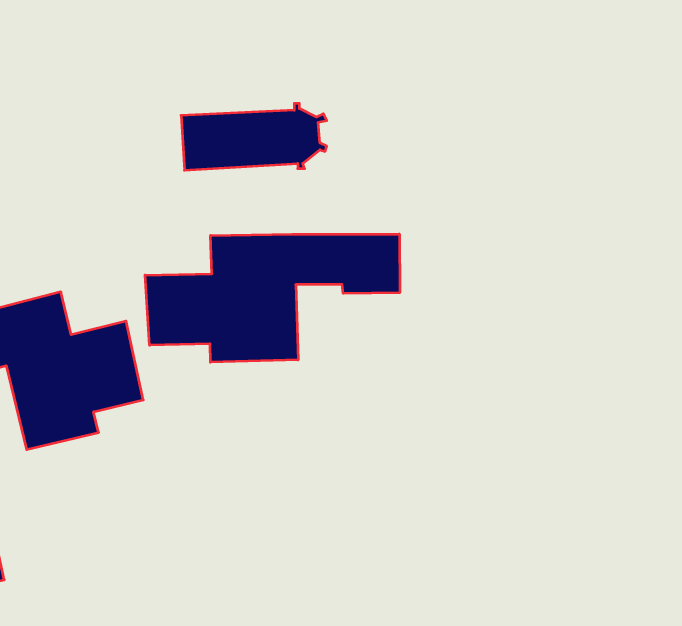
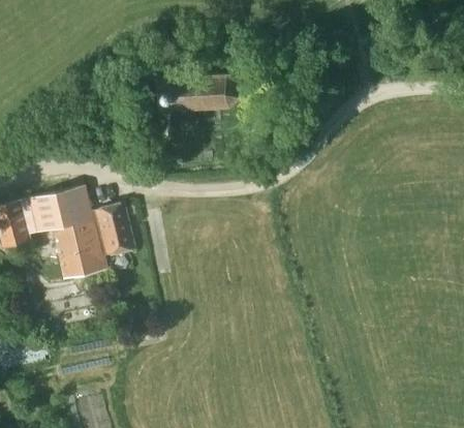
building: [145,234,400,362] -> none

